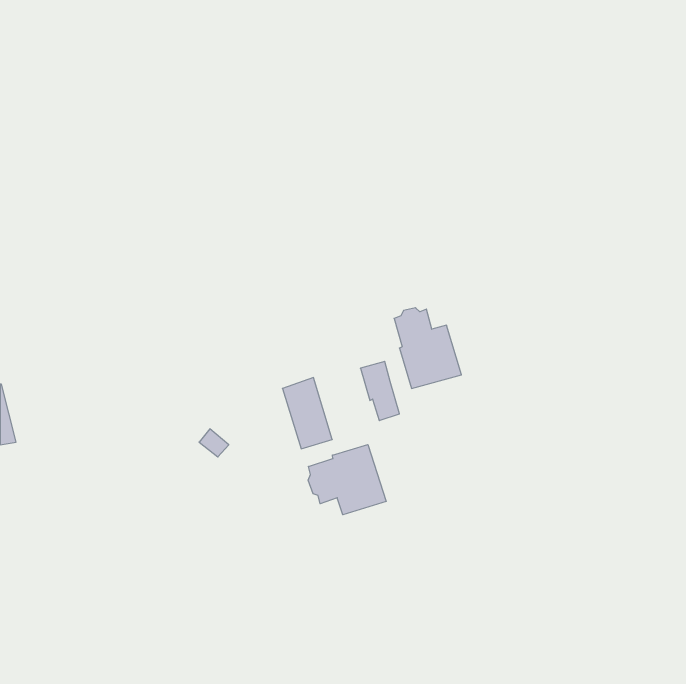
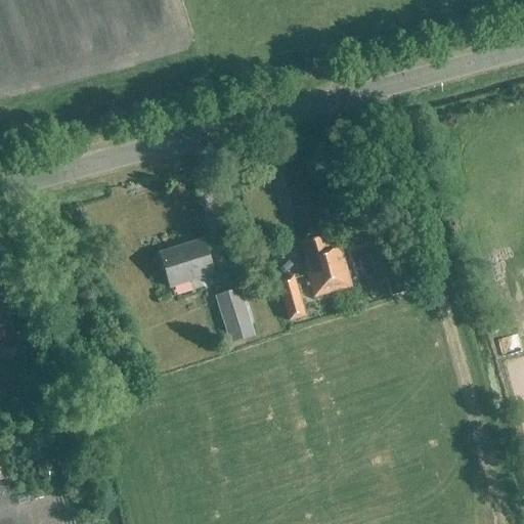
building: none -> [160,239,214,287]
building: [308,445,386,515] -> none

